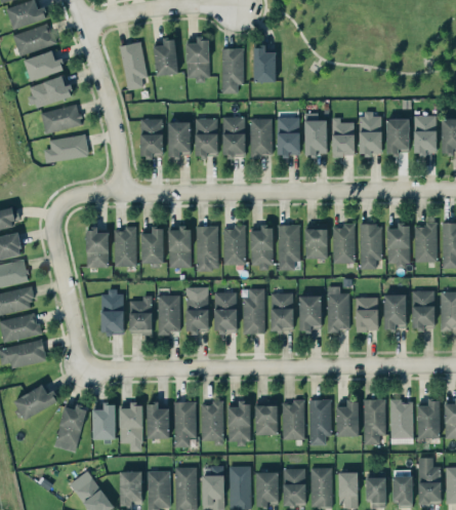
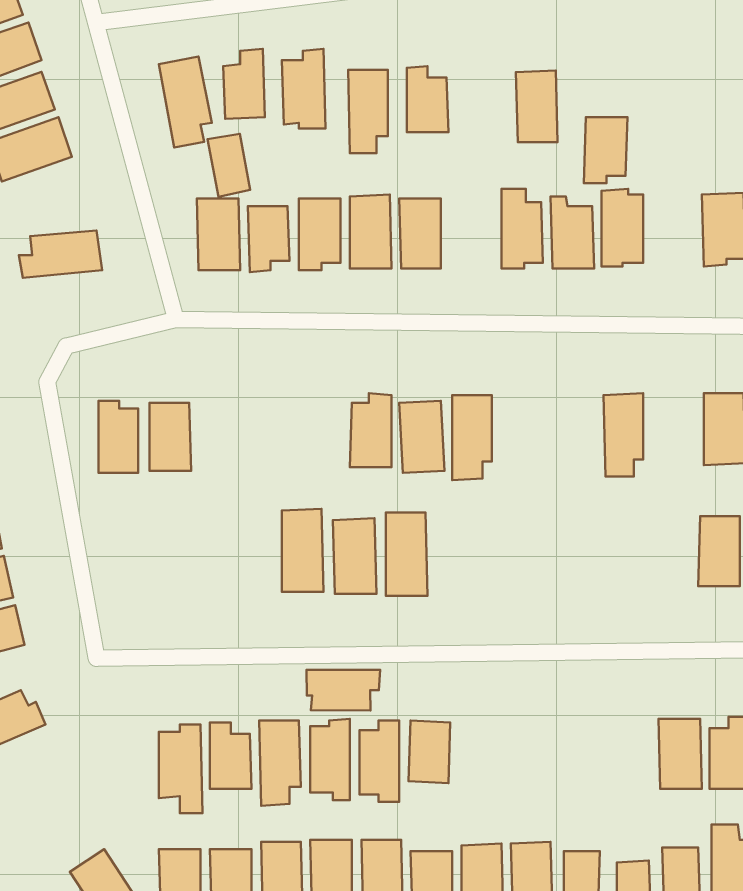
building: none -> [208,134,250,197]
building: [40,104,81,133] -> none
building: [277,117,299,156] -> [516,70,558,142]
building: [385,119,409,155] -> [584,117,627,183]
building: [332,225,355,264] -> none
building: [196,226,217,271] -> none
building: [386,226,410,264] -> none
building: [304,227,327,259] -> none
building: [140,228,163,264] -> none
building: [168,228,191,268] -> none
building: [327,286,349,330] -> none
building: [100,291,124,335] -> none
building: [271,292,293,330] -> none
building: [157,295,179,332] -> none
building: [383,295,406,329] -> none
building: [128,296,152,335] -> none
building: [298,296,321,331] -> none
building: [355,297,378,331] -> none
building: none -> [306,670,380,711]
building: [308,399,331,445] -> none
building: [363,399,385,444] -> none
building: [336,400,358,436] -> none
building: [282,401,304,439] -> none
building: [92,403,115,439] -> none
building: [53,406,86,452] -> none

